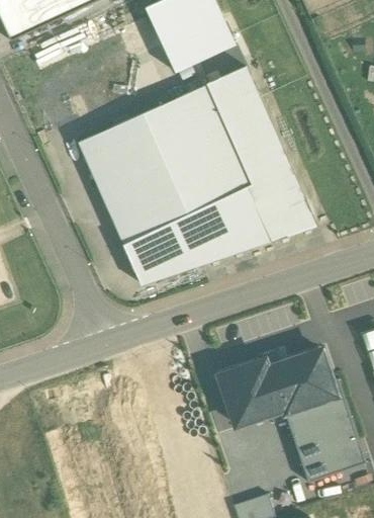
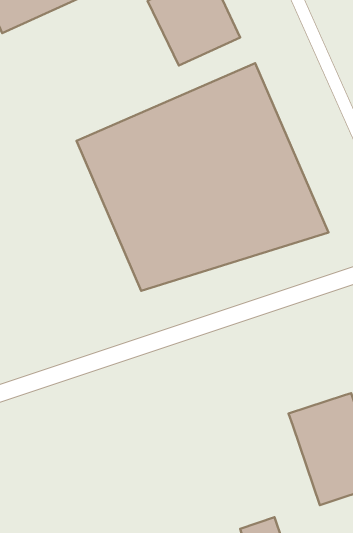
building: [219,349,331,424] -> none

